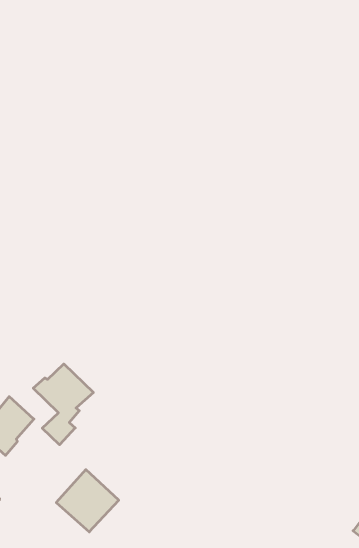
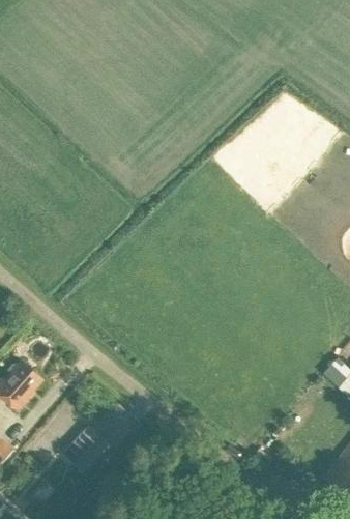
building: [33,364,93,445] -> none

